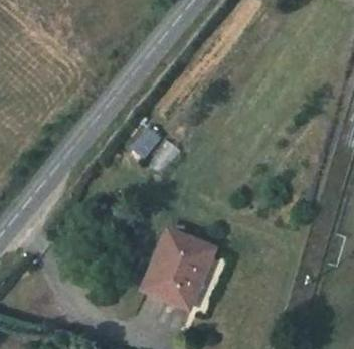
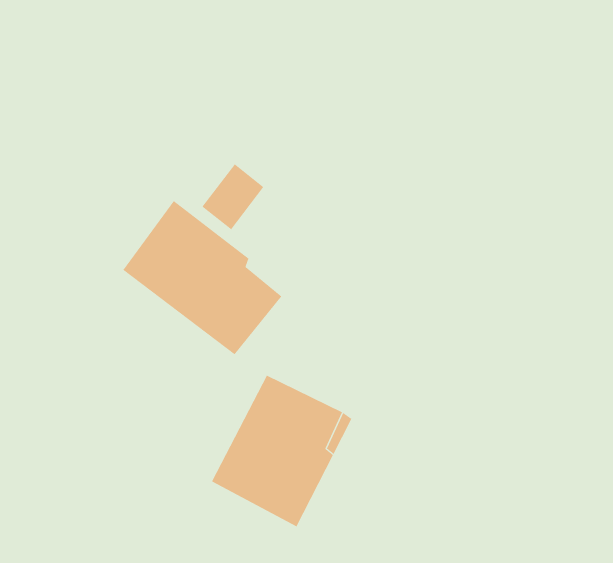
building: none -> [122,200,282,355]

